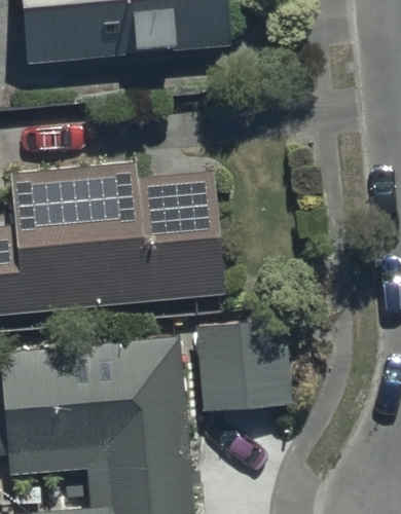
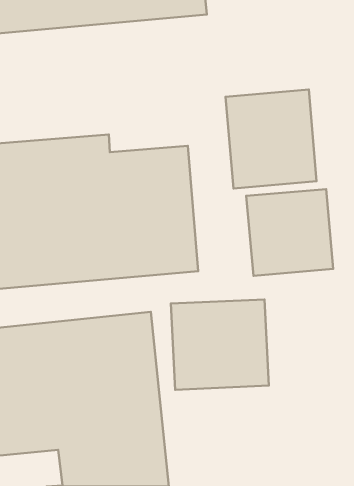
building: none -> [226,89,317,189]
building: none -> [246,189,333,276]

